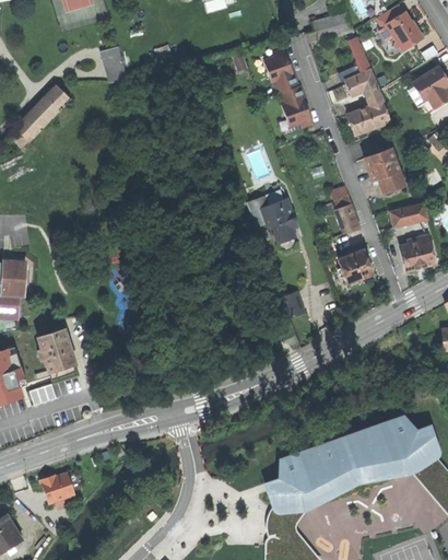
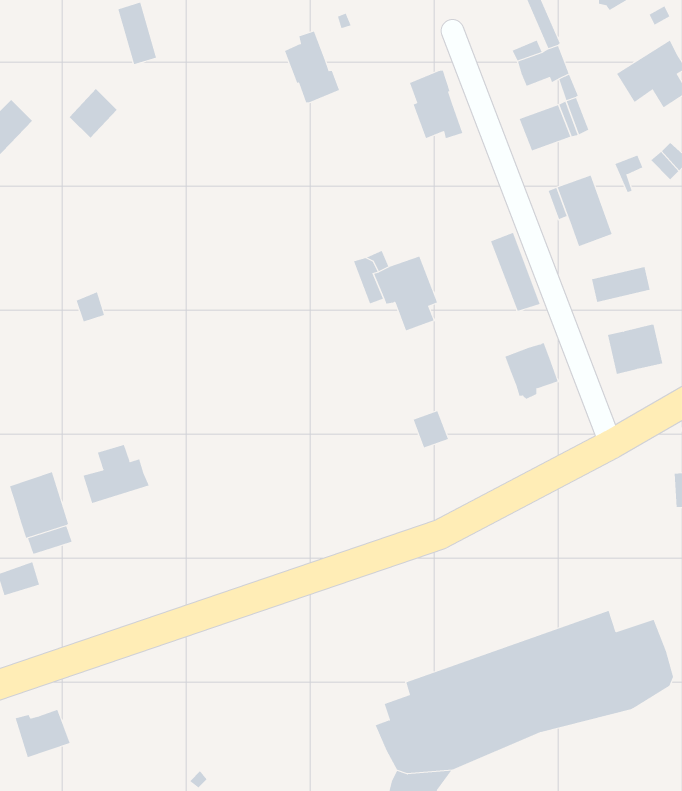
building: [264,49,298,93] -> [284,31,340,103]
building: [38,85,68,116] -> [69,88,117,139]
building: none -> [83,444,150,504]

